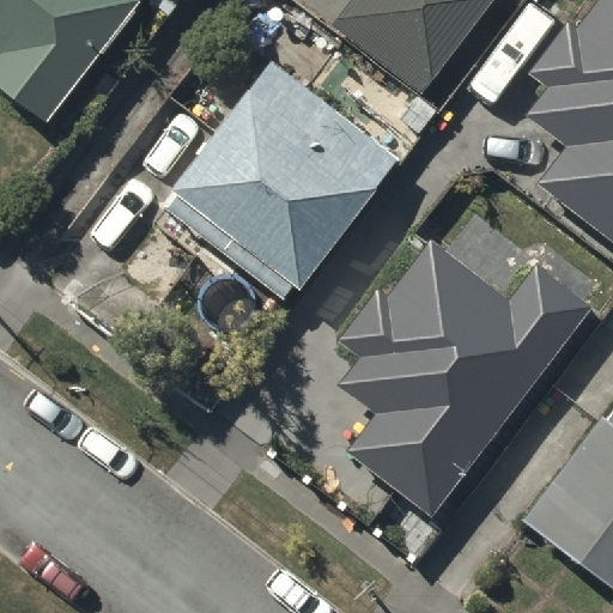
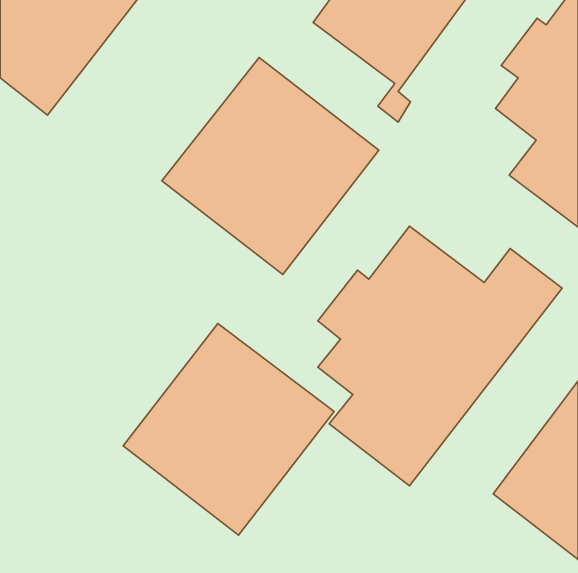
building: none -> [123,323,334,535]

